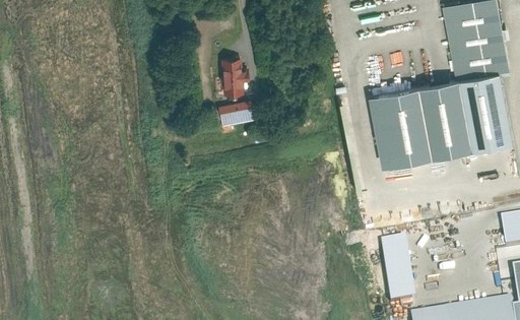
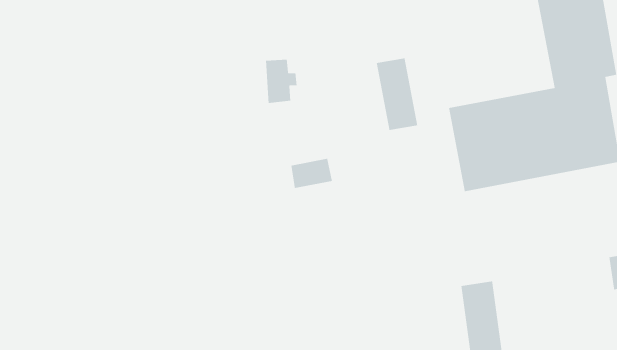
building: none -> [376,57,418,131]
building: [218,101,253,126] -> [290,158,333,189]

